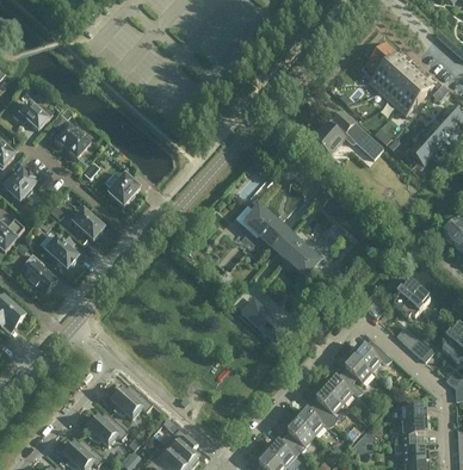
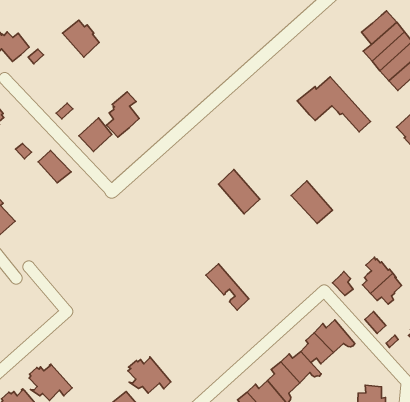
building: [54,122,89,156] -> [62,20,99,57]
building: none -> [107,92,139,137]
building: [44,233,78,267] -> none
building: [277,234,317,273] -> [291,181,332,224]
building: [110,383,152,418] -> [128,357,171,393]

